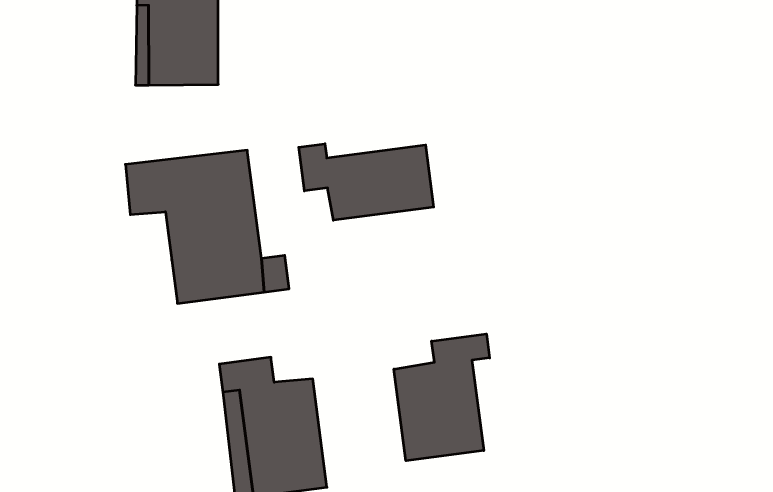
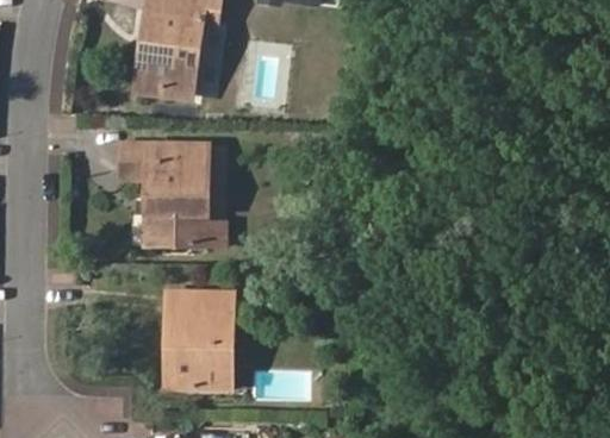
building: [299,144,434,220] -> none
building: [394,334,490,461] -> none

